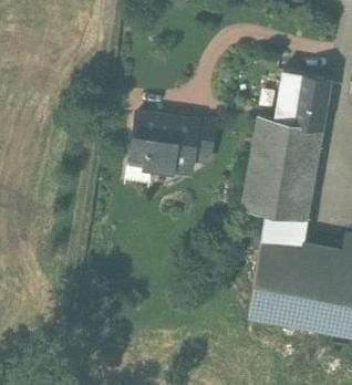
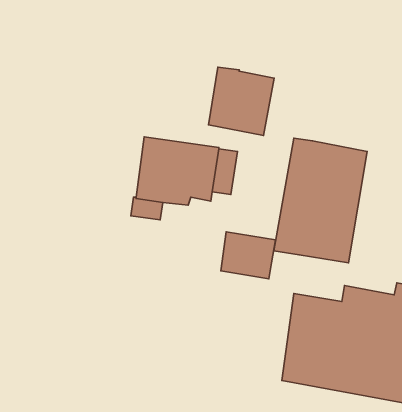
building: [276,73,330,129] -> [209,67,274,136]
building: [260,215,306,253] -> [221,232,276,279]

